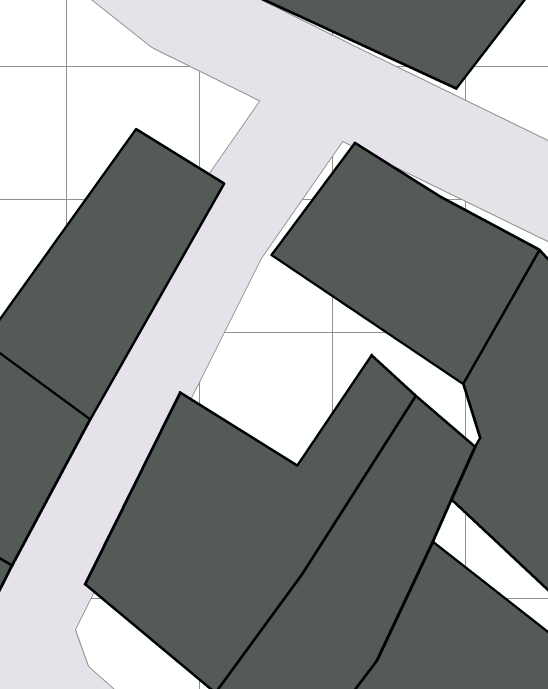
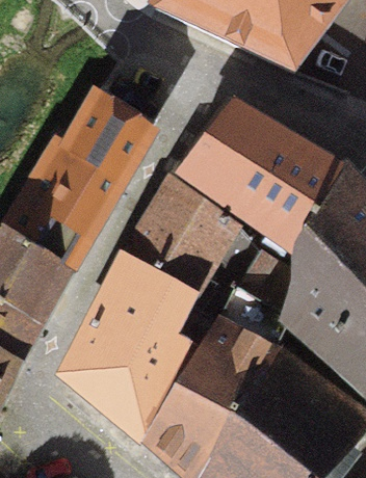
building: none -> [121,180,238,302]

